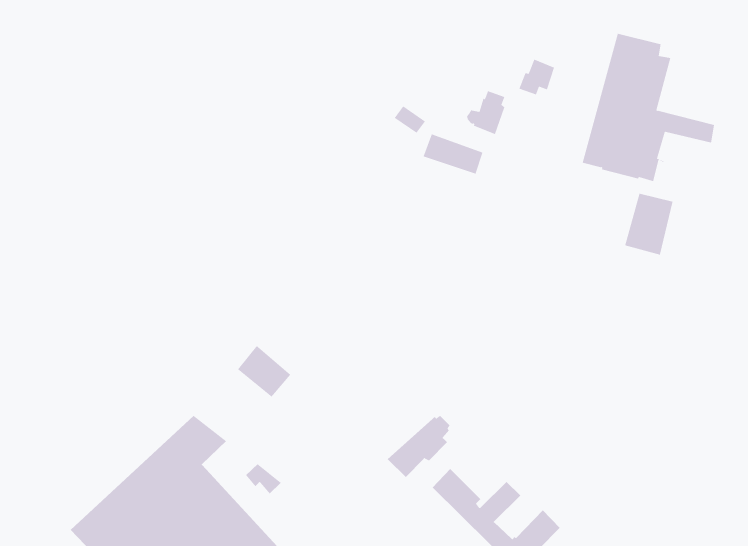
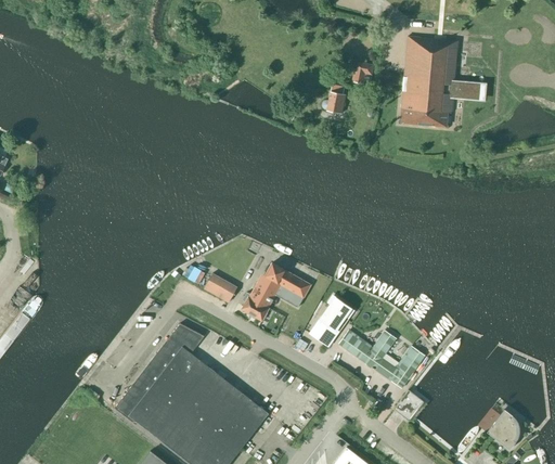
building: [423,133,483,175] -> none
building: [625,193,673,256] -> none
building: none -> [242,265,311,322]

